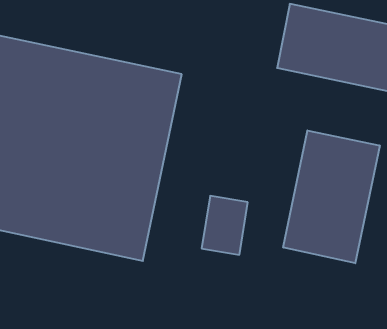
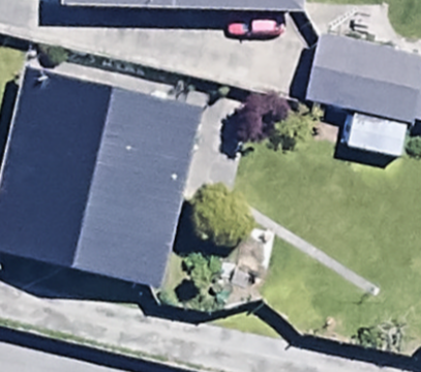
building: [283,130,380,263] -> none

